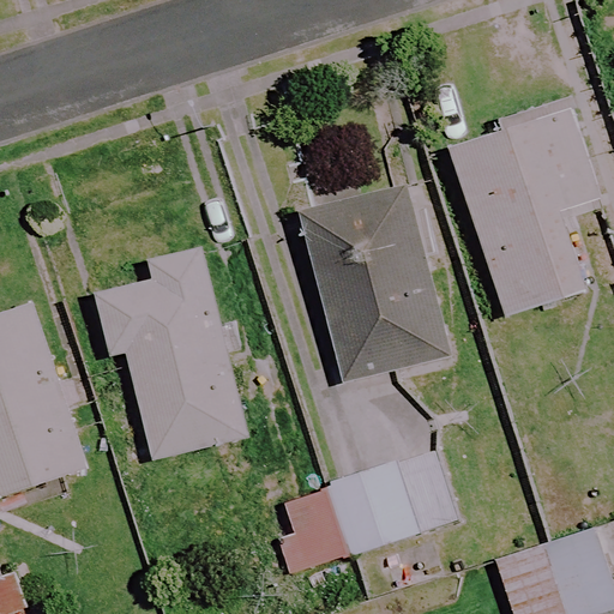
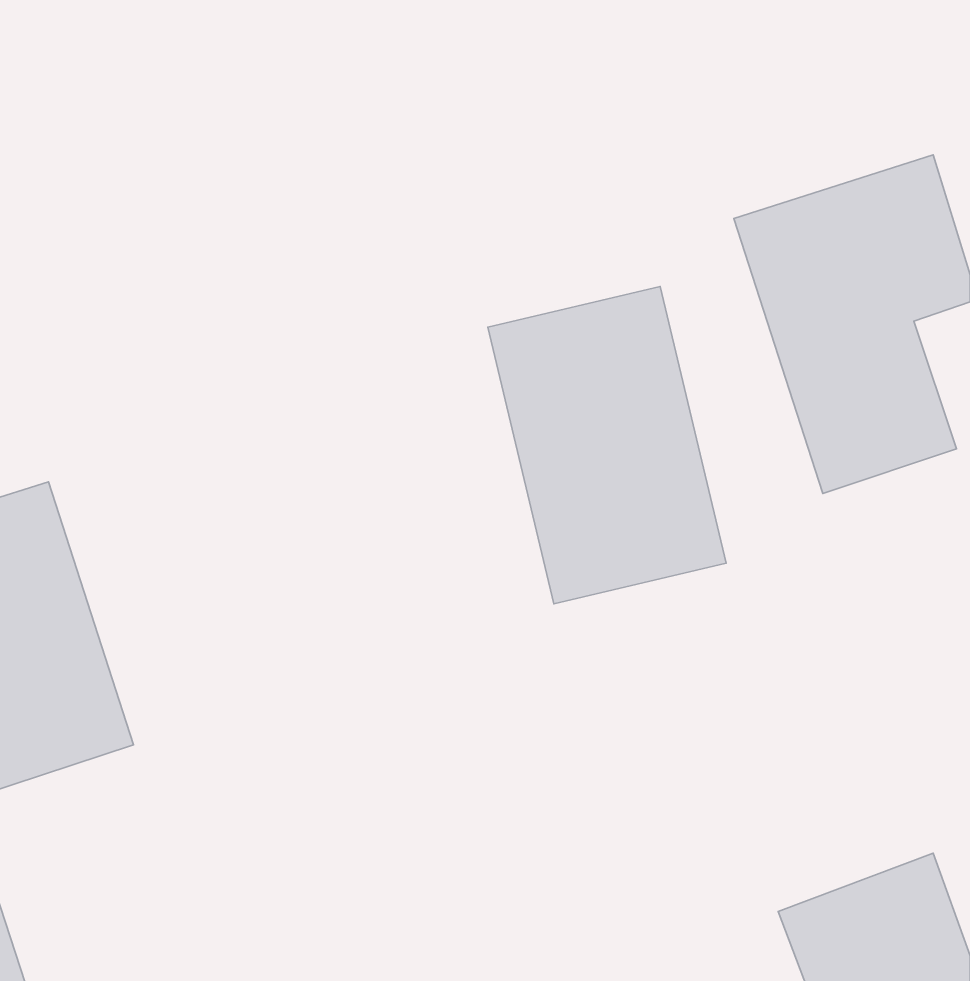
building: [98,272,245,458] -> none
building: [257,459,444,580] -> none

